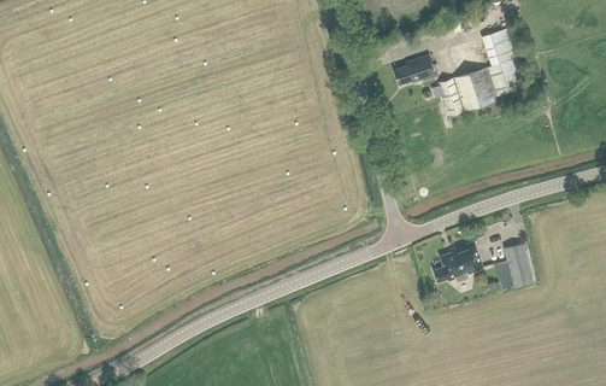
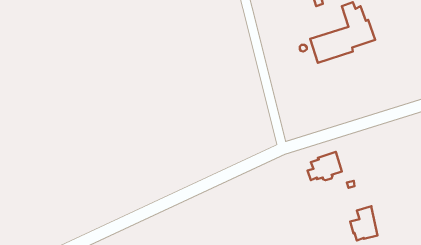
building: [394,55,436,86] -> none
building: [494,241,533,290] -> [350,206,378,240]

